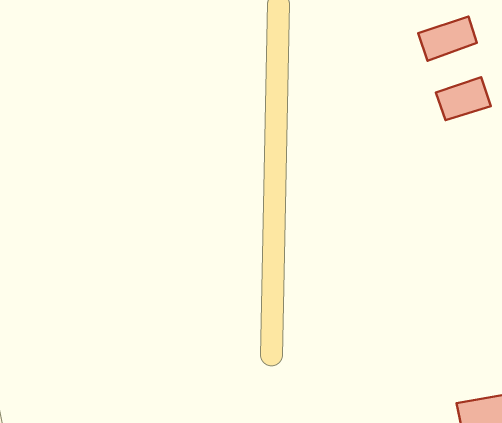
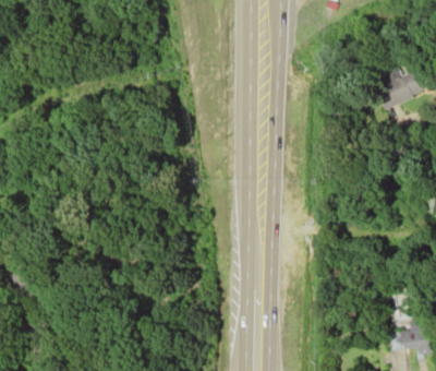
building: [418,17,477,61] -> none

